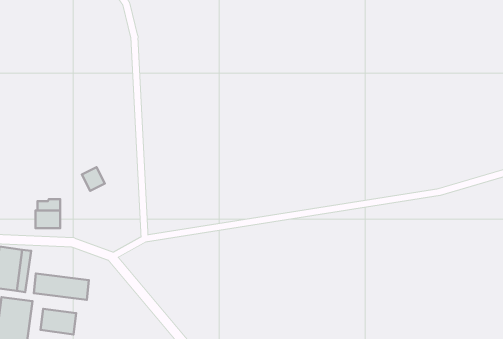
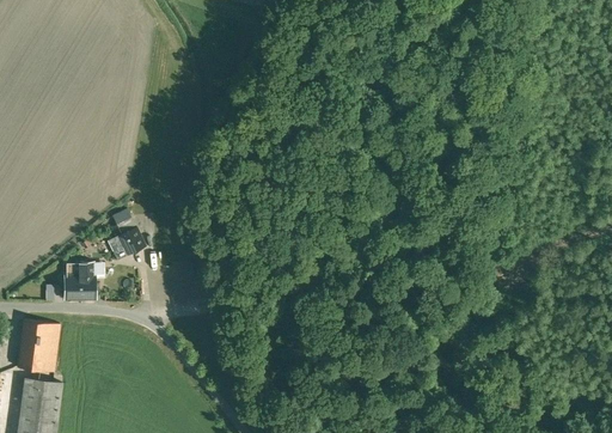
building: [34,273,89,300] -> none
building: [40,309,76,334] -> none

